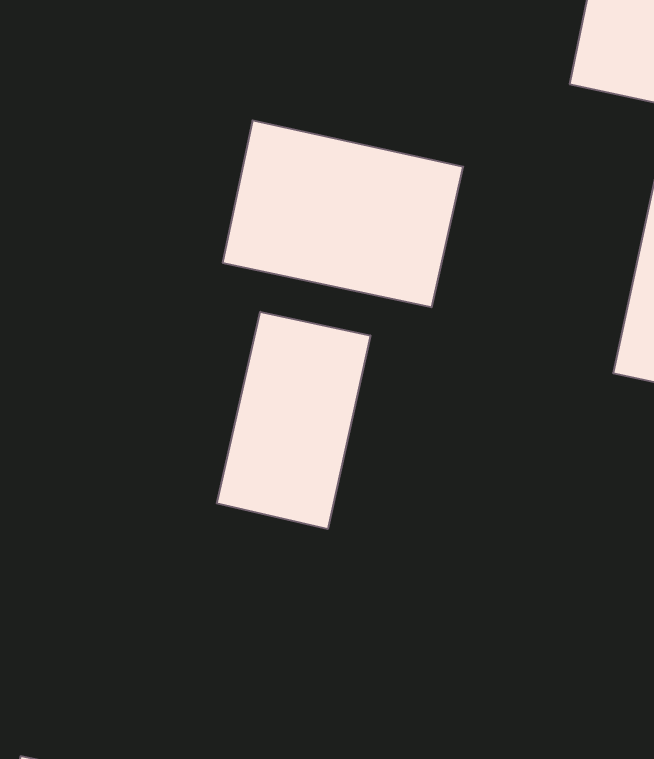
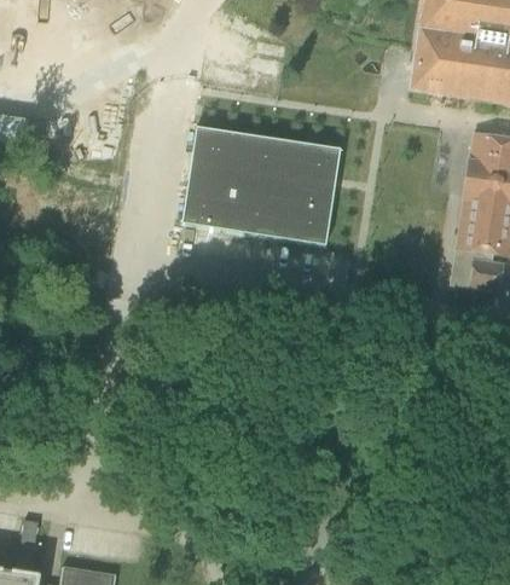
building: [217,312,370,529] -> none

